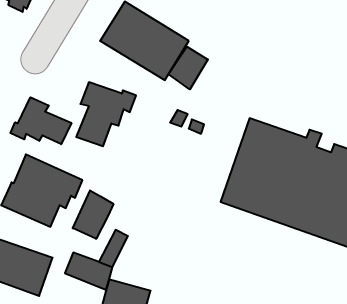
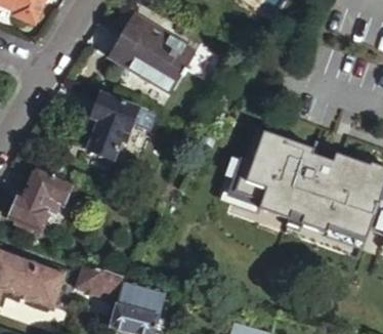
building: [169,47,208,89] -> none
building: [10,97,71,144] -> none
building: [73,190,113,239] -> none

